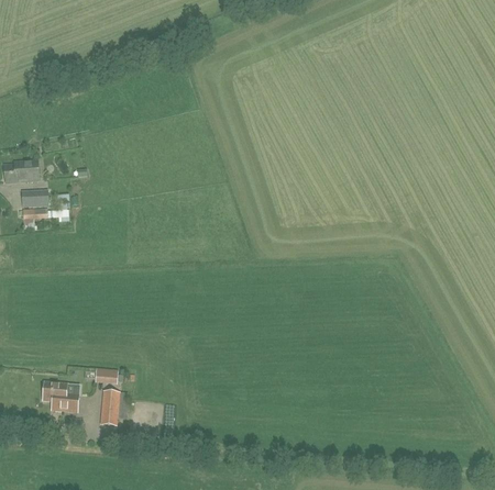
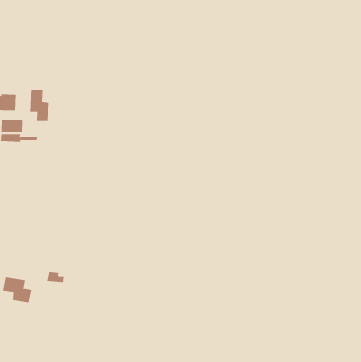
building: none -> [30,89,49,122]
building: [100,389,118,422] -> none

